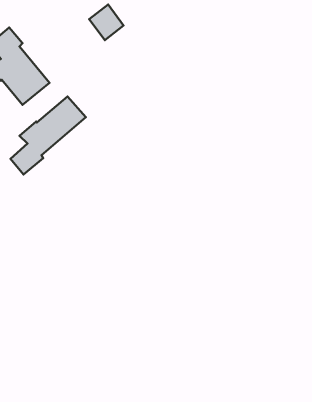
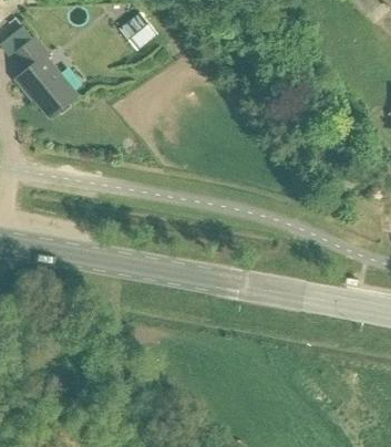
building: [10,97,86,174] -> none

